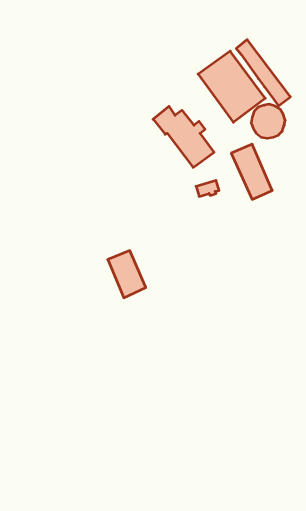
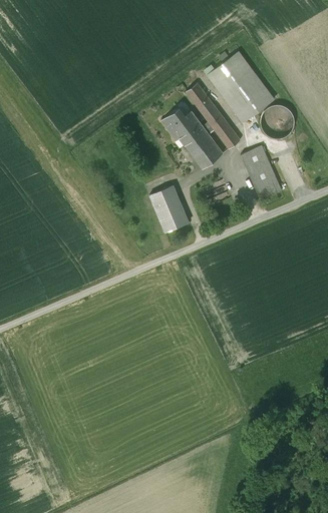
building: [236,40,290,106] -> [187,83,241,149]
building: [108,251,146,298] -> [150,185,189,232]

